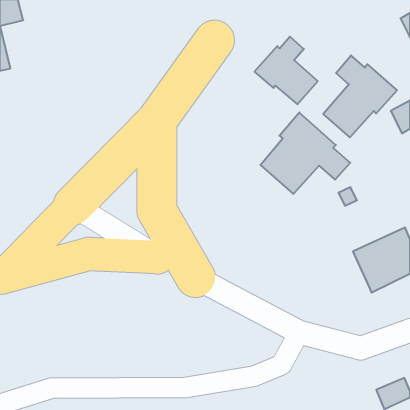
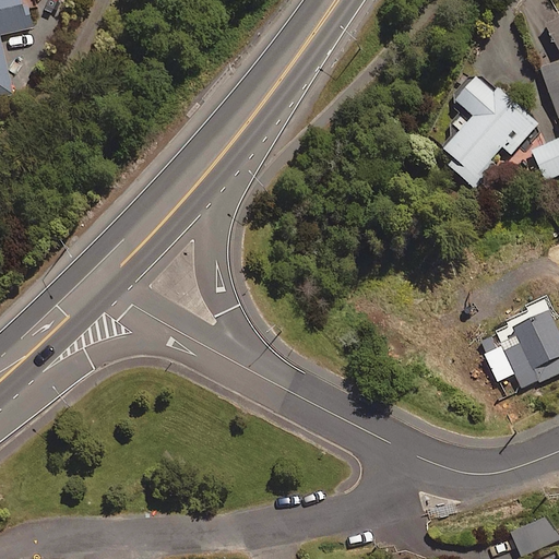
building: [255,37,318,104] -> none
building: [260,112,350,194] -> none

